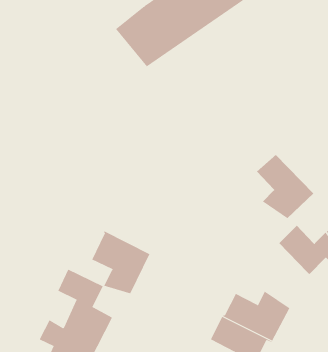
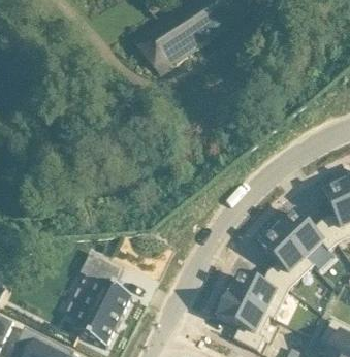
building: [256,154,314,219] -> [260,229,312,287]
building: [91,231,150,294] -> none

